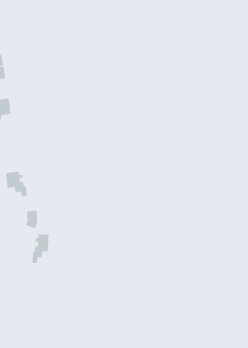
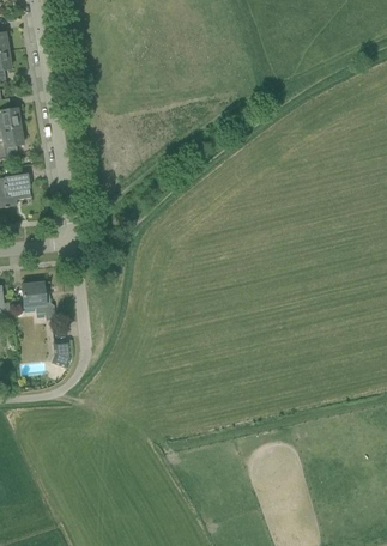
building: [32,234,49,264] -> none

